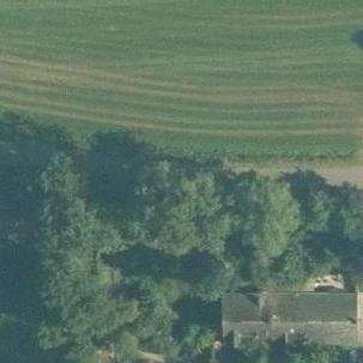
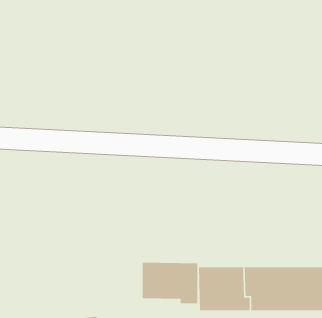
building: none -> [142,262,198,304]

